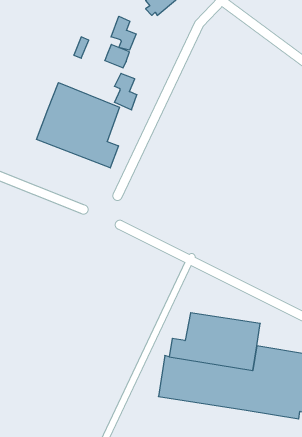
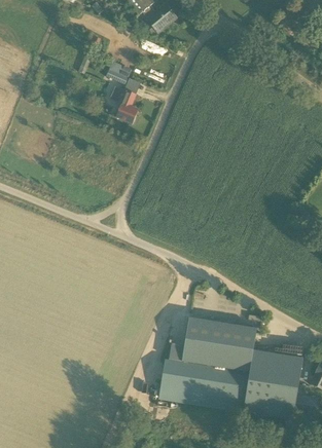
building: [111,16,136,50] -> none
building: [36,83,120,168] -> none

